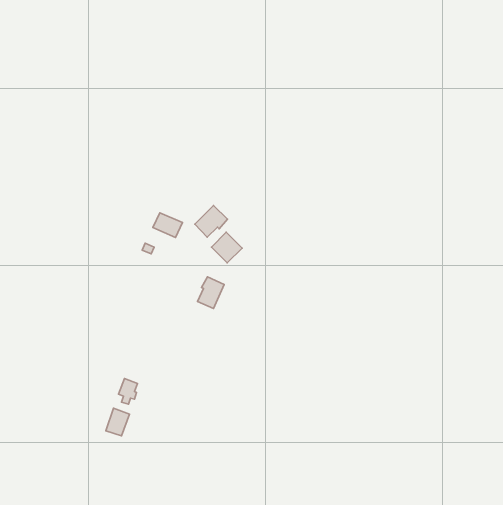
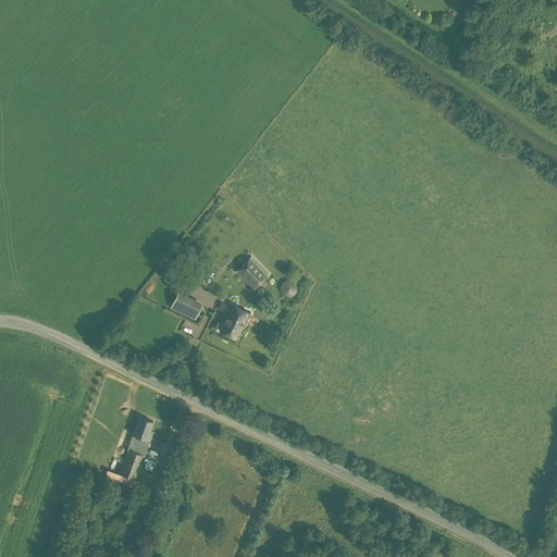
building: [195,206,227,237] -> none
building: [153,213,182,237] -> [168,292,200,319]

